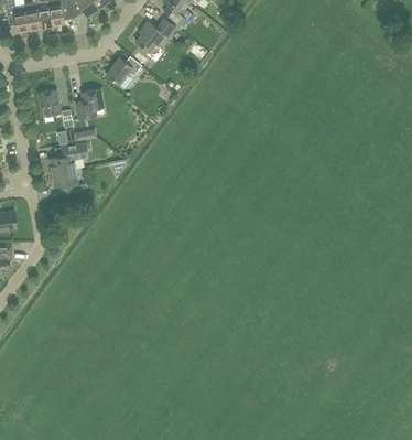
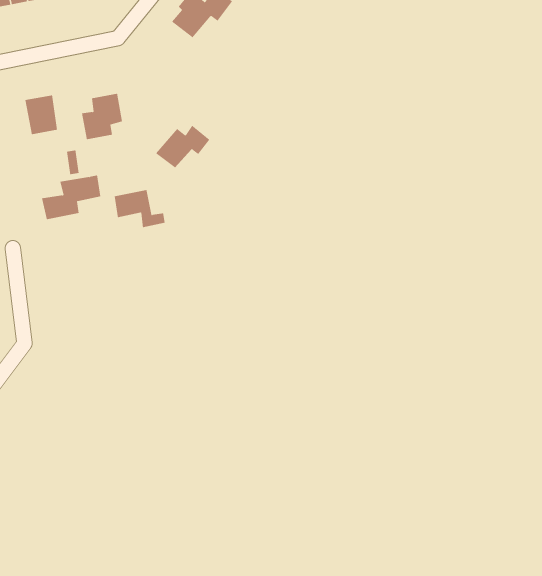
building: [105,54,141,83] -> [155,125,210,168]
building: [52,167,86,192] -> [114,190,165,228]

